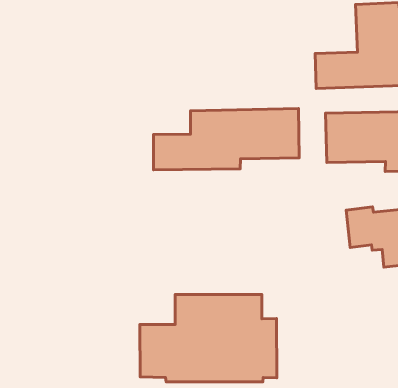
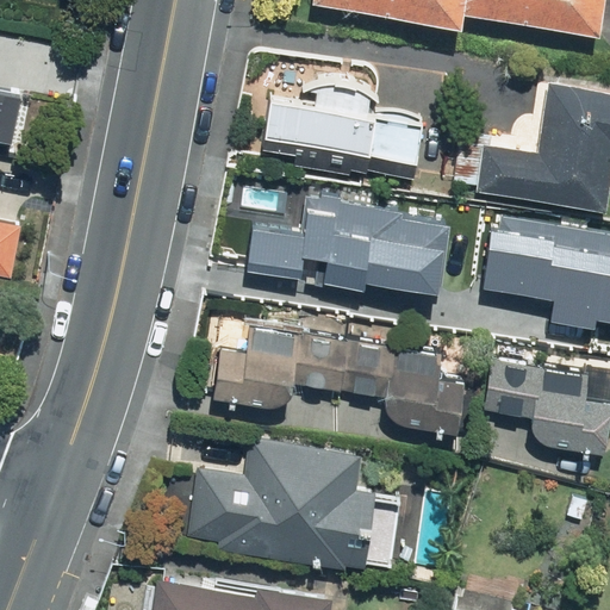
building: none -> [269,79,428,162]
building: none -> [217,325,468,434]

